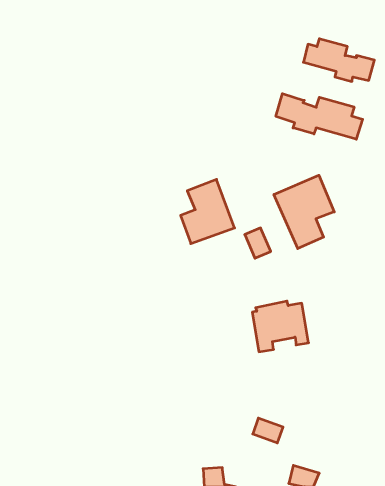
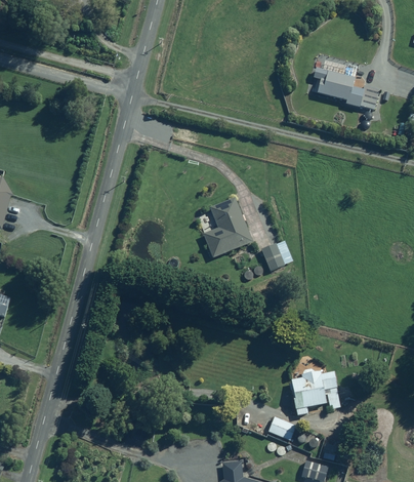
building: [276,94,363,139] -> none
building: [274,175,334,249] -> none
building: [252,301,309,352] -> [290,369,341,415]

